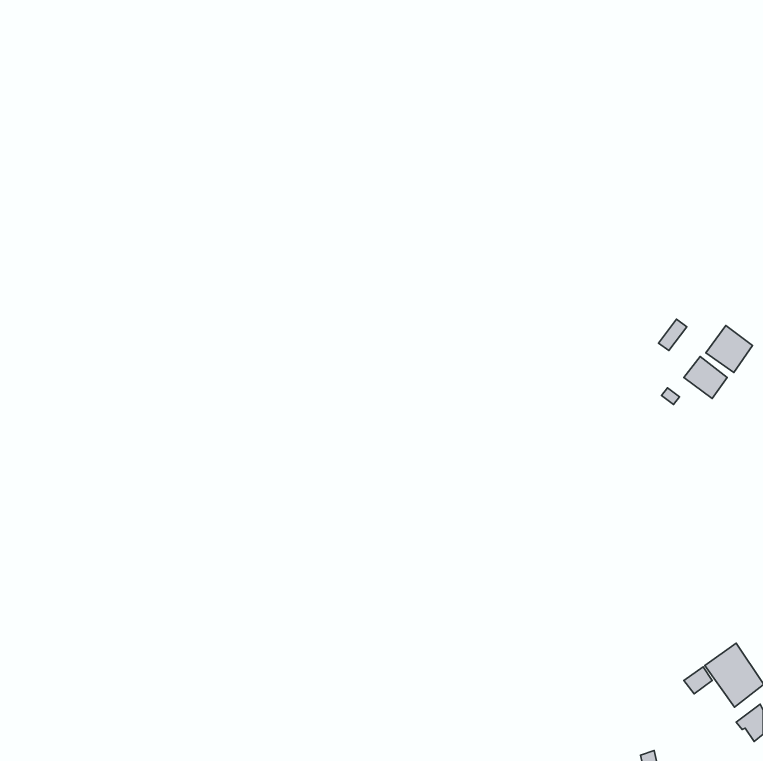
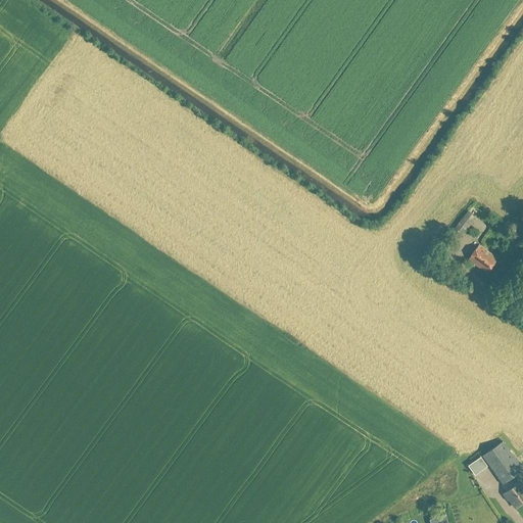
building: [706,325,752,372] -> none

